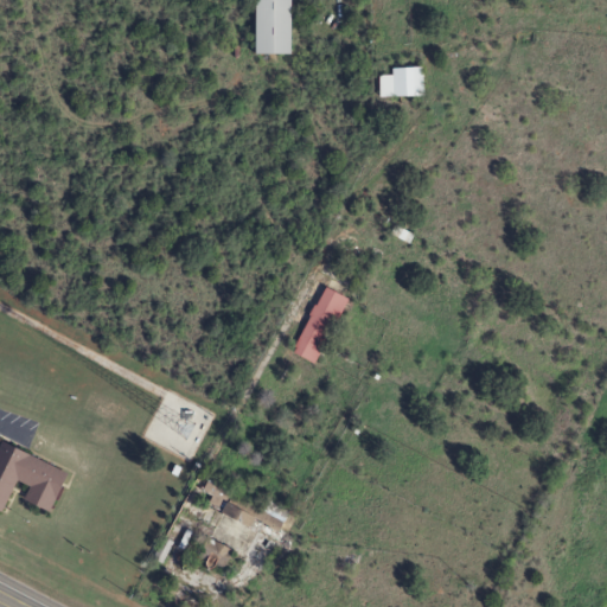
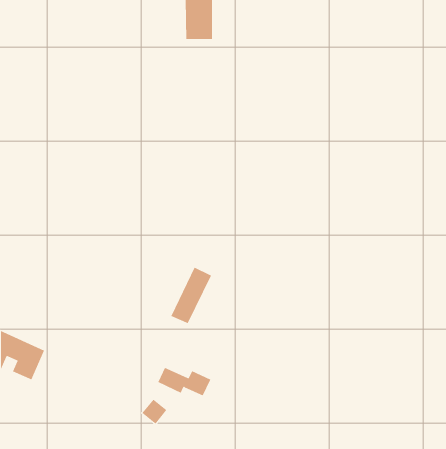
building: [379,68,423,96] -> none
building: [292,287,347,364] -> [171,267,212,324]

